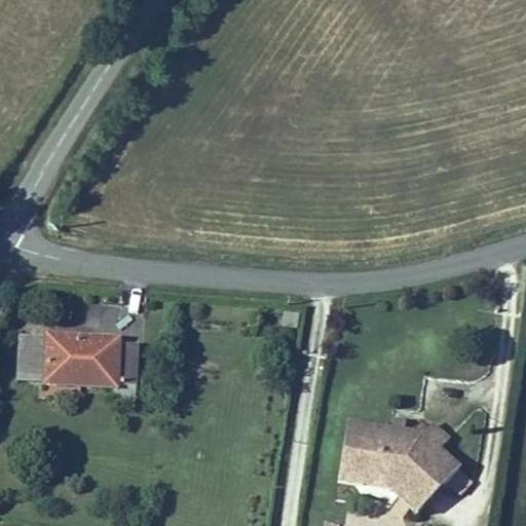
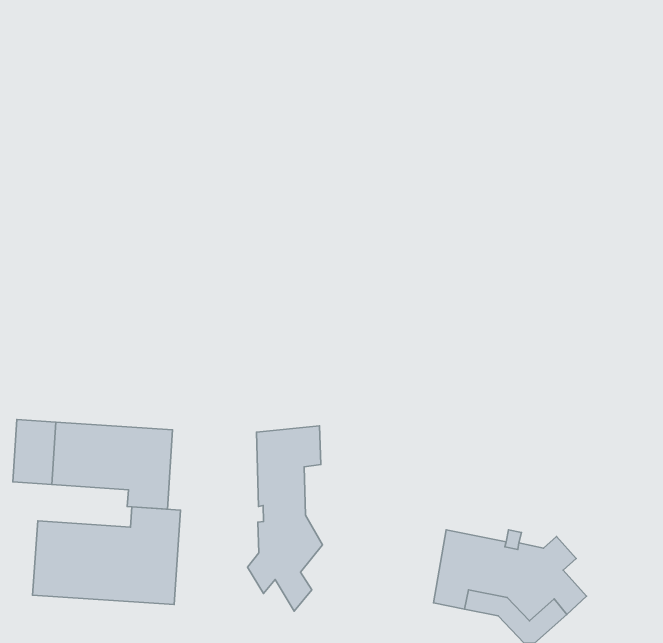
building: none -> [247,426,322,611]
building: none -> [32,507,180,605]

